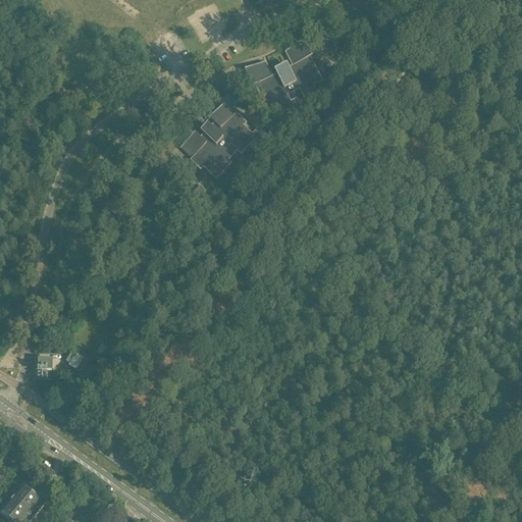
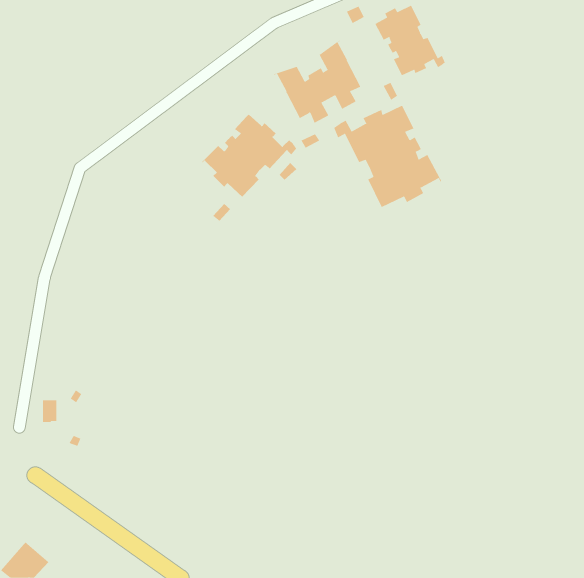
building: none -> [373,5,446,78]
building: none -> [333,102,442,208]

